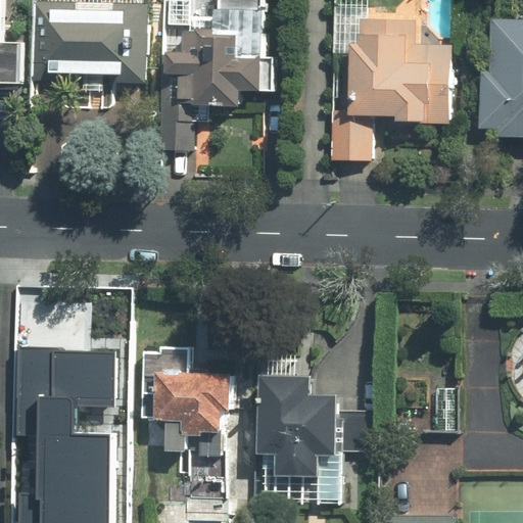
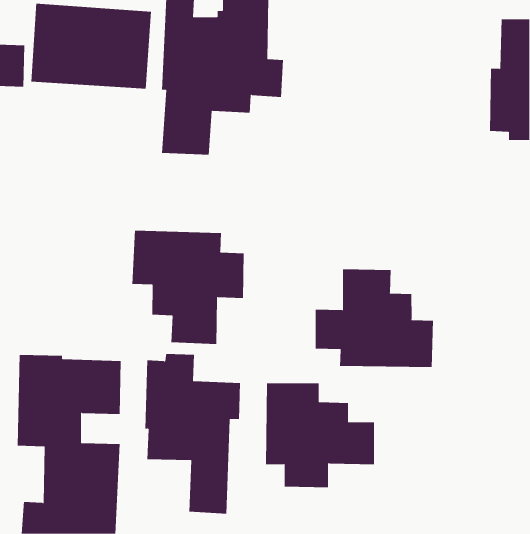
building: [329,17,450,160] -> none
building: none -> [132,230,244,345]
building: none -> [315,268,434,368]

